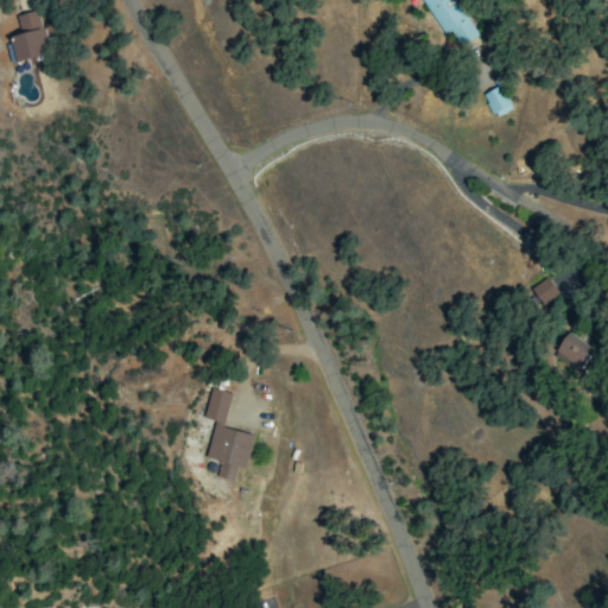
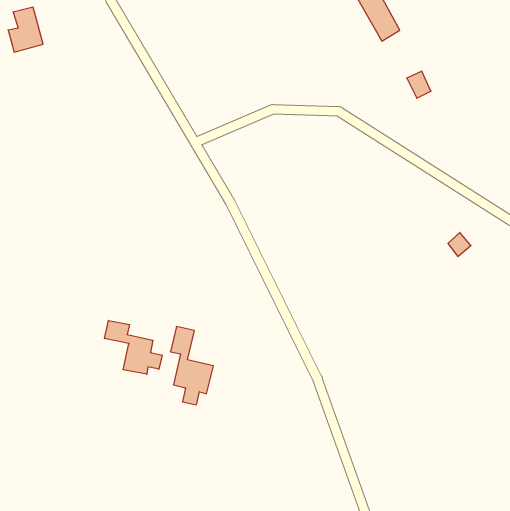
building: [555,330,597,373] -> none
building: none -> [105,320,162,374]

